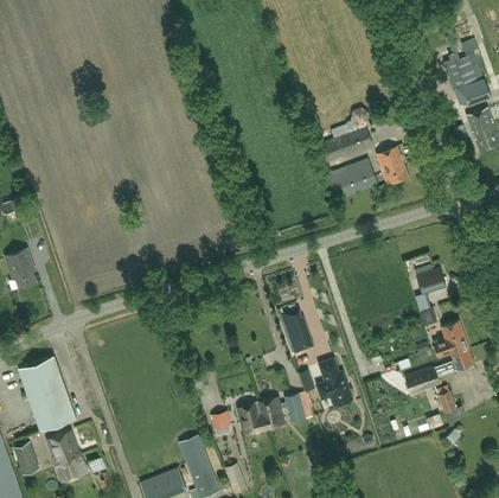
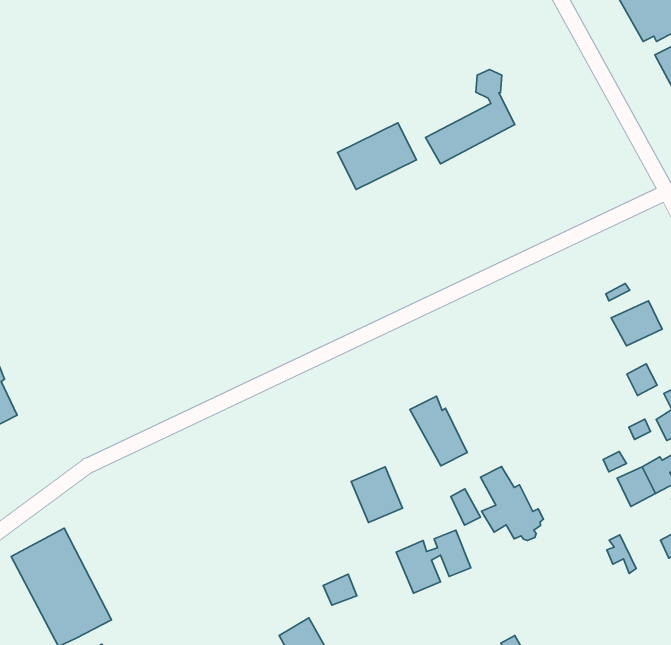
building: [376,147,408,185] -> none
building: [327,160,376,198] -> [338,123,417,190]
building: [237,402,267,435] -> [351,467,402,523]

